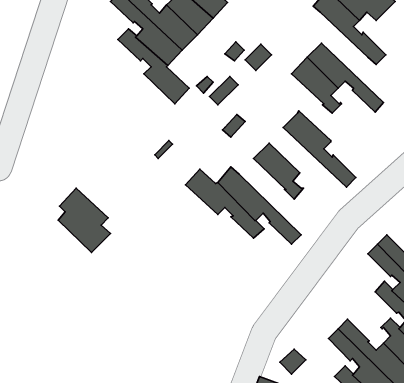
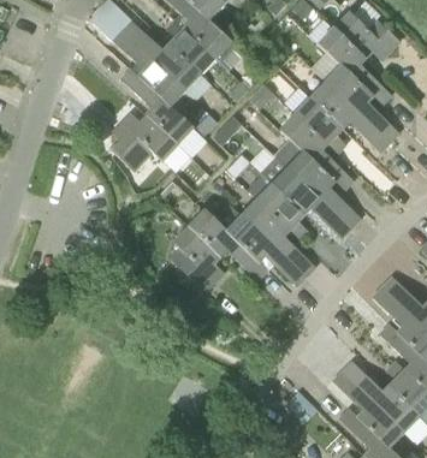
building: none -> [310,52,399,143]
building: none -> [111,113,178,172]
building: none -> [279,114,354,191]
building: none -> [261,157,351,238]
building: none -> [243,200,315,276]
building: [58,188,111,252] -> [171,226,224,291]

